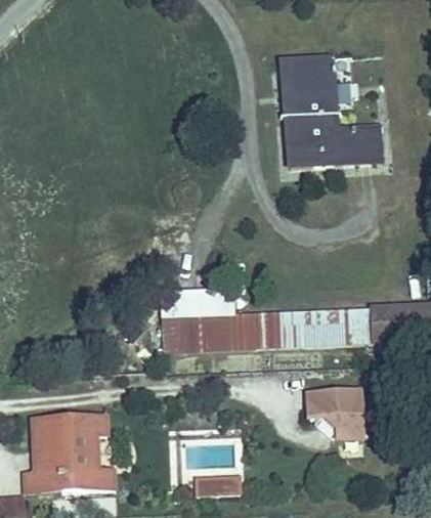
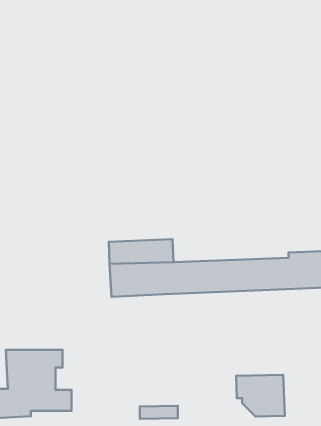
building: [278,54,386,167] -> none
building: [303,389,359,437] -> [236,375,285,417]

